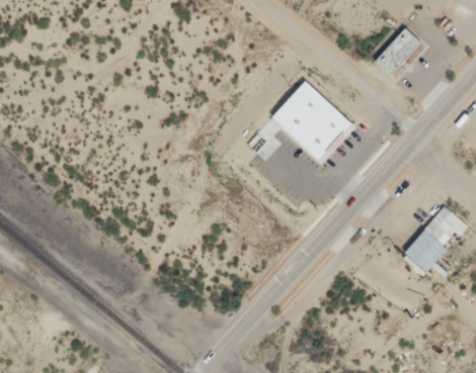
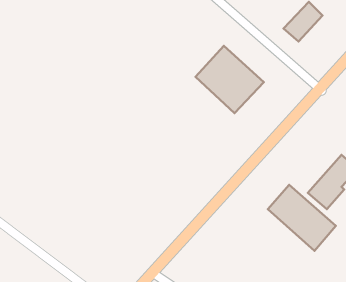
building: none -> [268,185,336,251]

